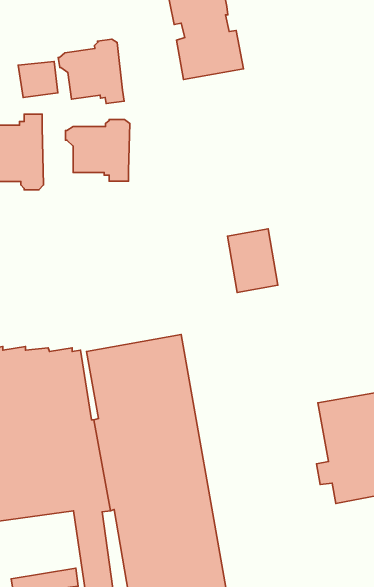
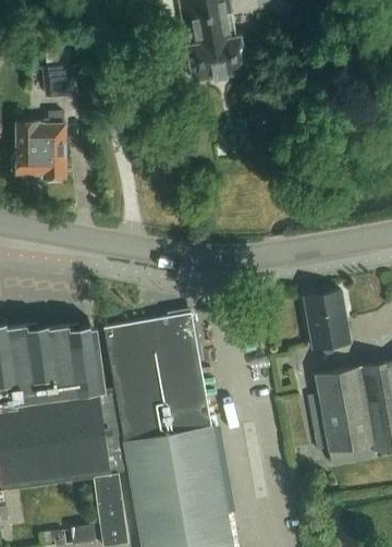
building: [58,39,124,103] -> none
building: [66,120,130,181] -> none
building: [228,229,278,292] -> [305,292,351,350]

